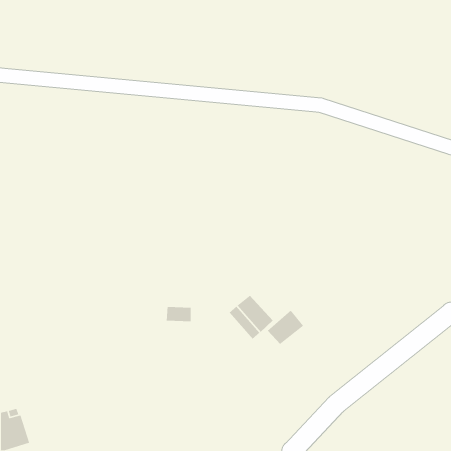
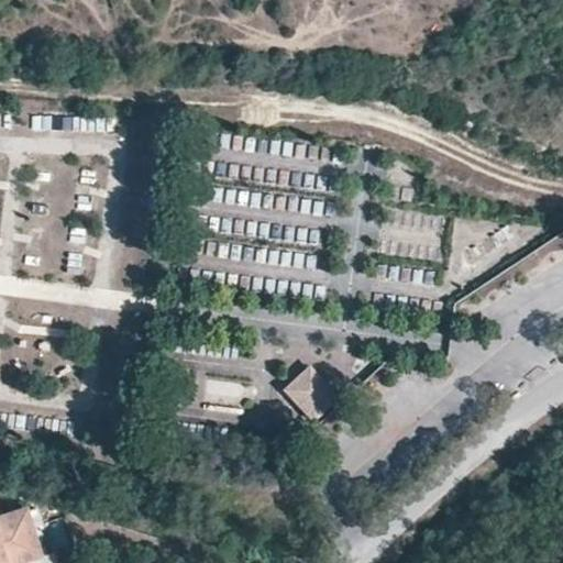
building: [267,310,304,345] -> none

